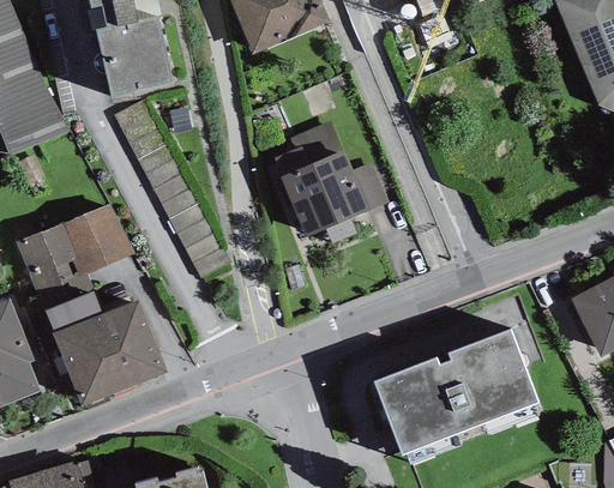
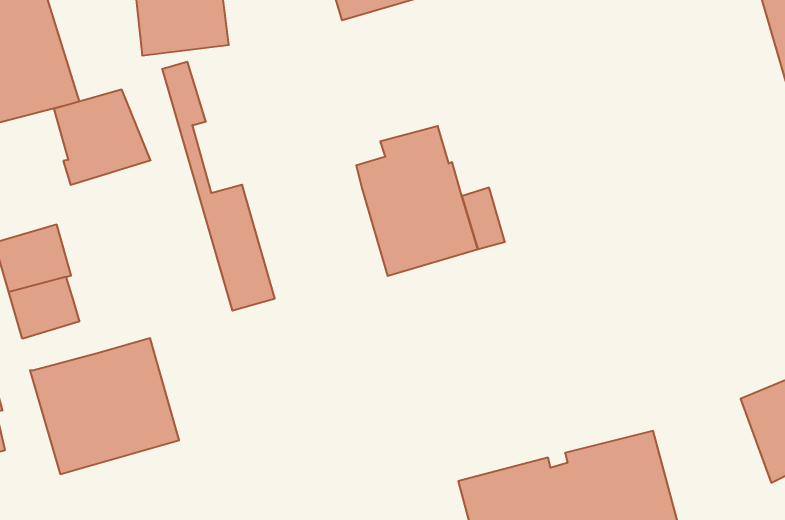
building: [60,204,134,277] -> [54,90,151,185]
building: [44,289,101,331] -> none

